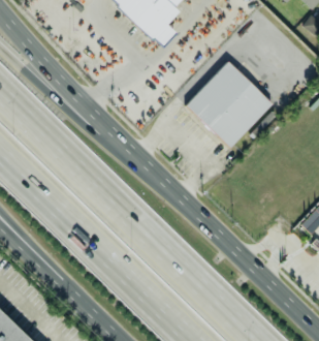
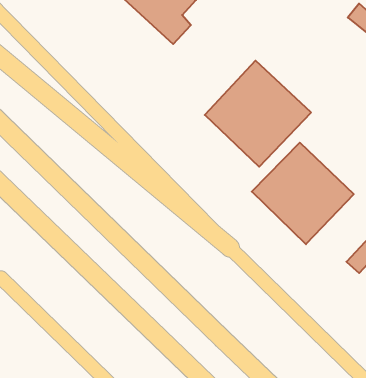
building: none -> [252,143,354,244]

